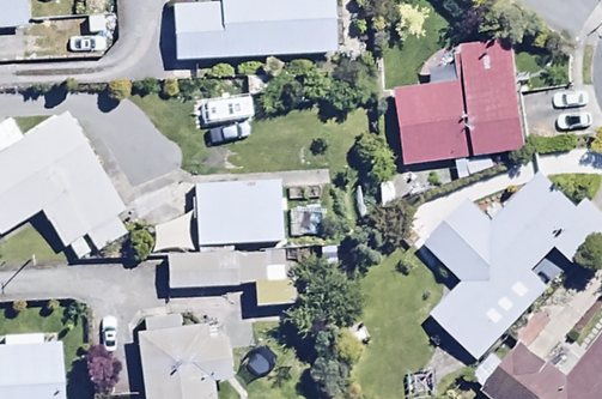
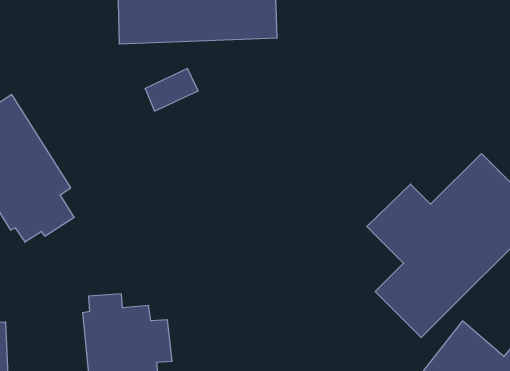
building: [390,38,524,179] -> none
building: [164,180,296,325] -> none

